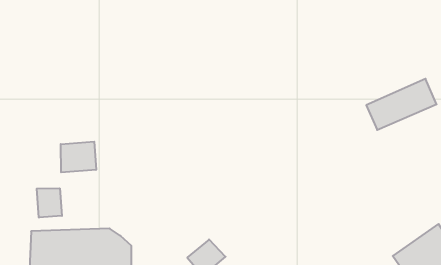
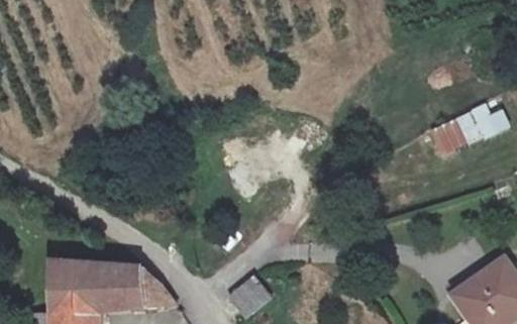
building: [61,142,96,172] -> none
building: [37,188,62,218] -> none

